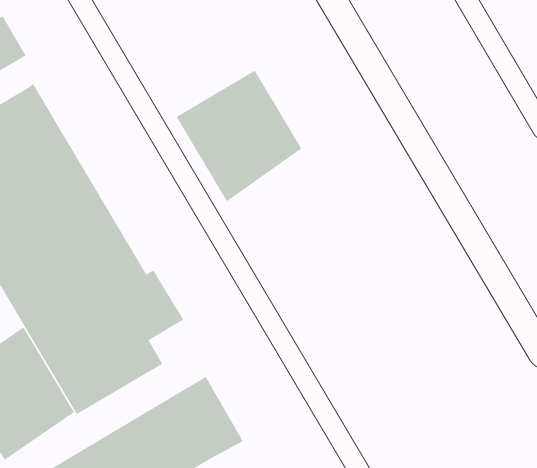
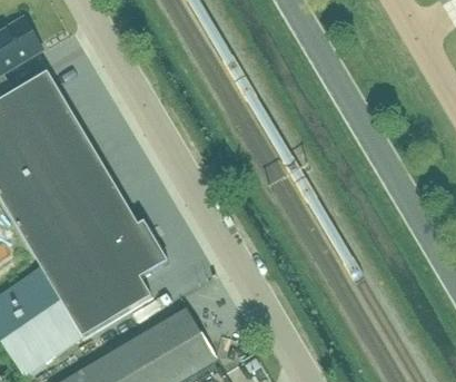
building: [176,70,302,202] -> none

